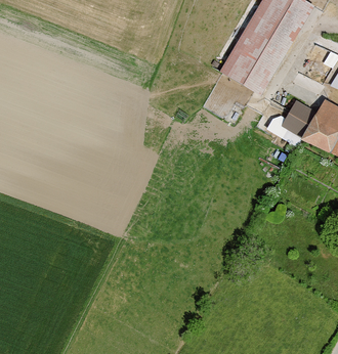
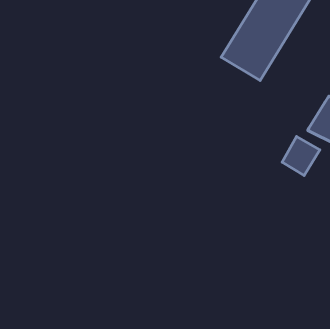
building: [284,100,319,136] -> [282,137,320,175]

